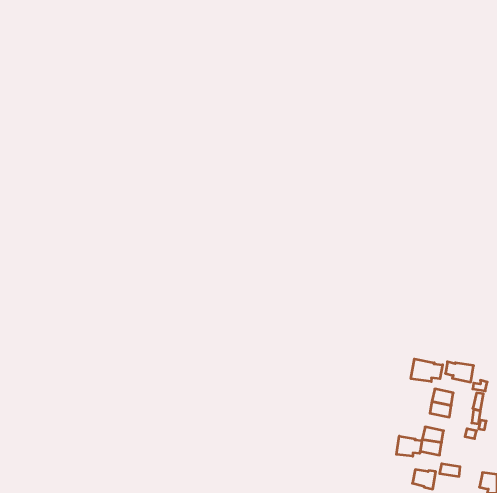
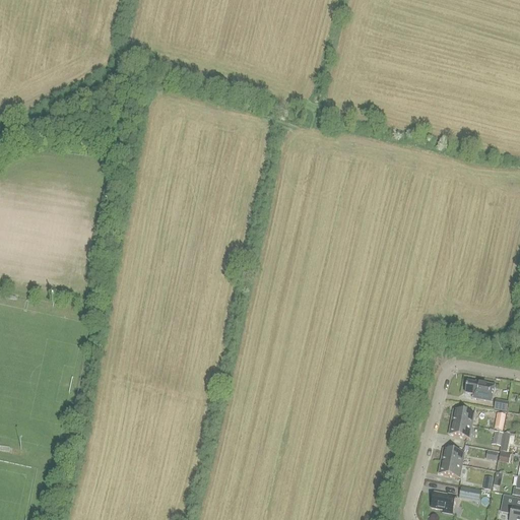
building: [411,359,443,382] -> none
building: [396,436,422,456] -> none

